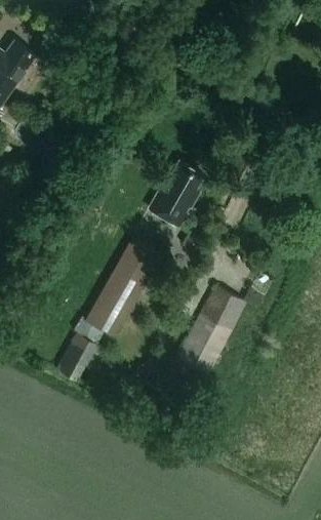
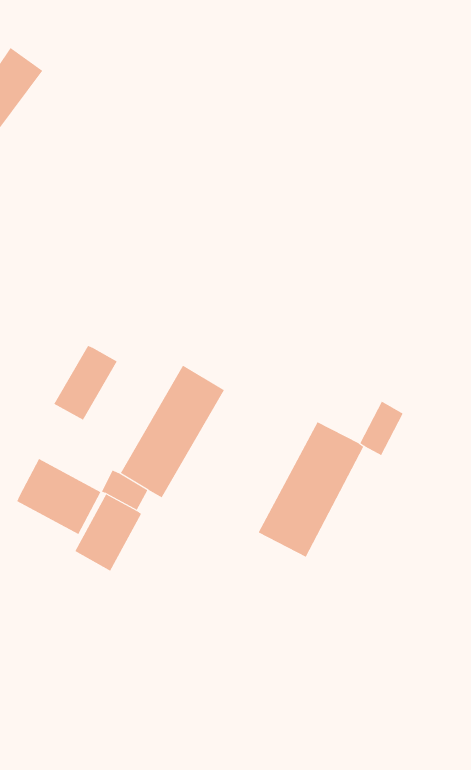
building: [149,162,202,228] -> none
building: none -> [53,345,117,421]
building: none -> [17,458,101,535]

